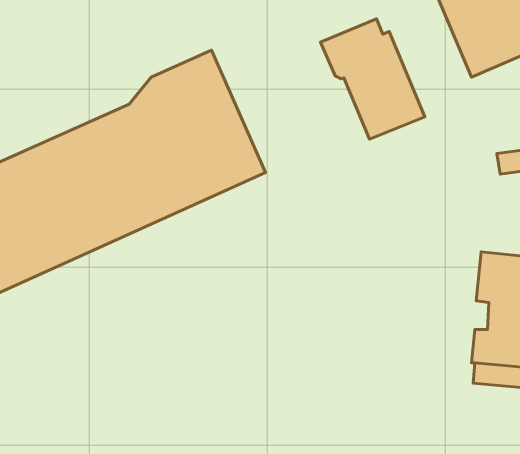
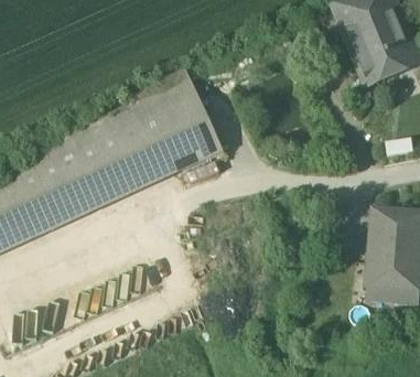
building: [321,19,425,139] -> none

